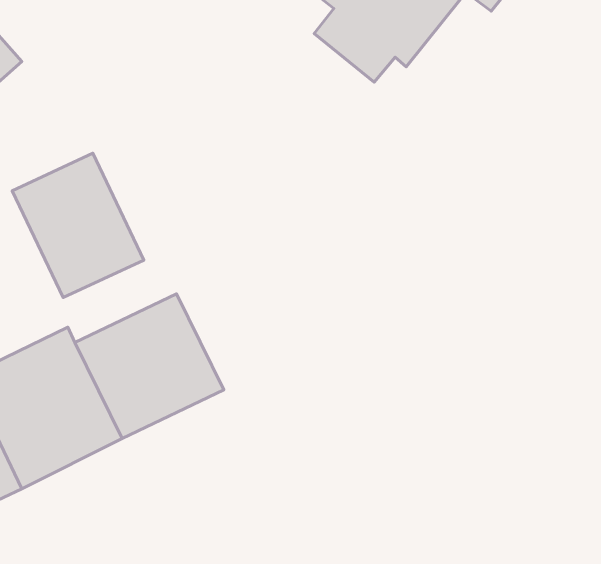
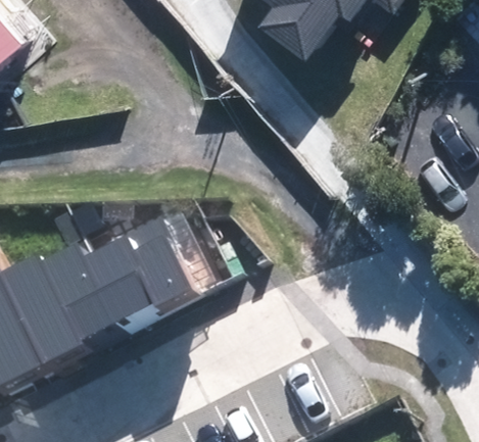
building: [12,153,144,297] -> none

